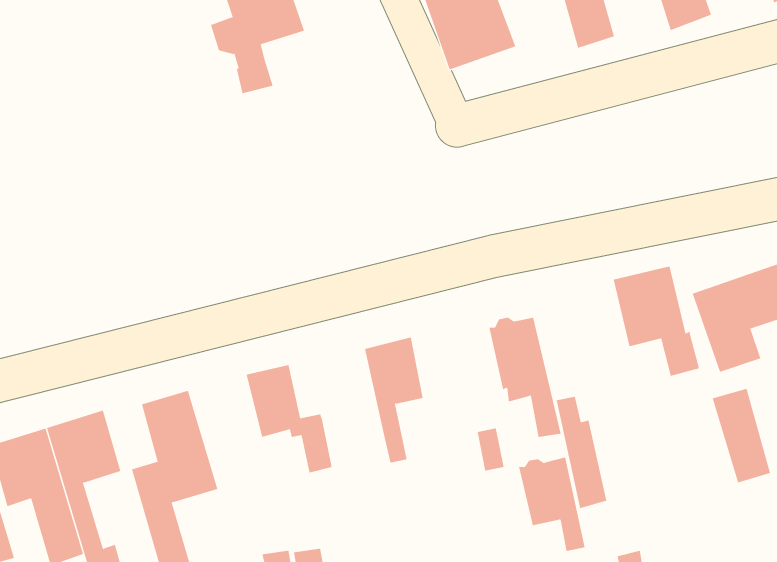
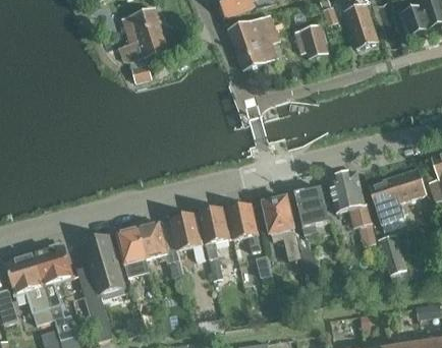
building: none -> [294,186,329,231]
building: none -> [170,213,205,259]
building: none -> [115,226,146,276]
building: [518,457,585,552] -> [226,202,261,251]

